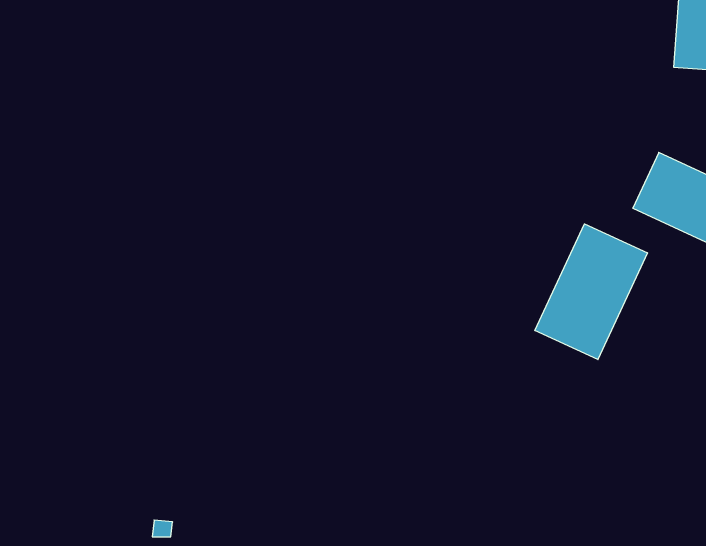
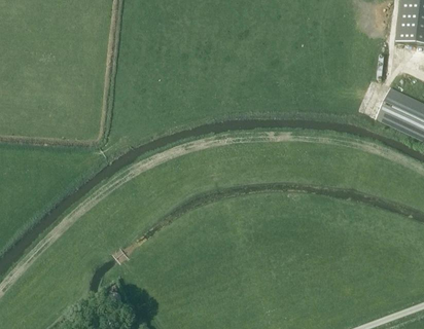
building: [535,224,647,360] -> none

